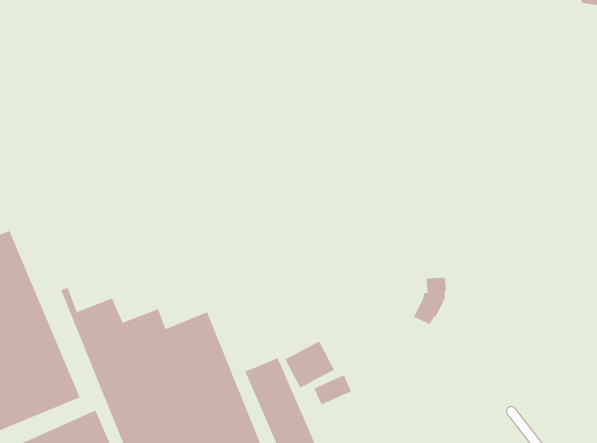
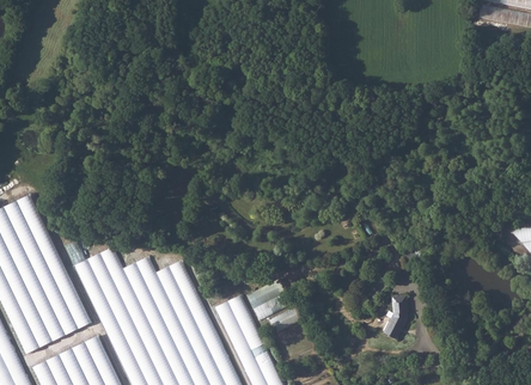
building: [413,277,447,325] -> [380,299,407,336]

